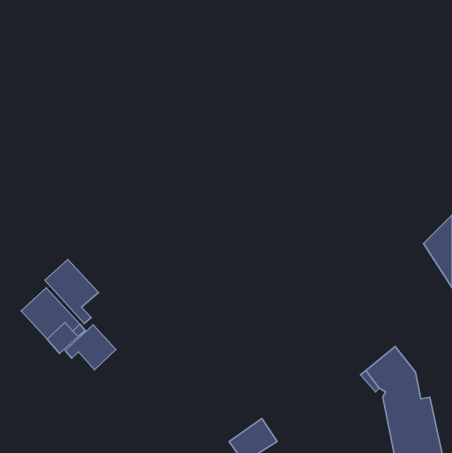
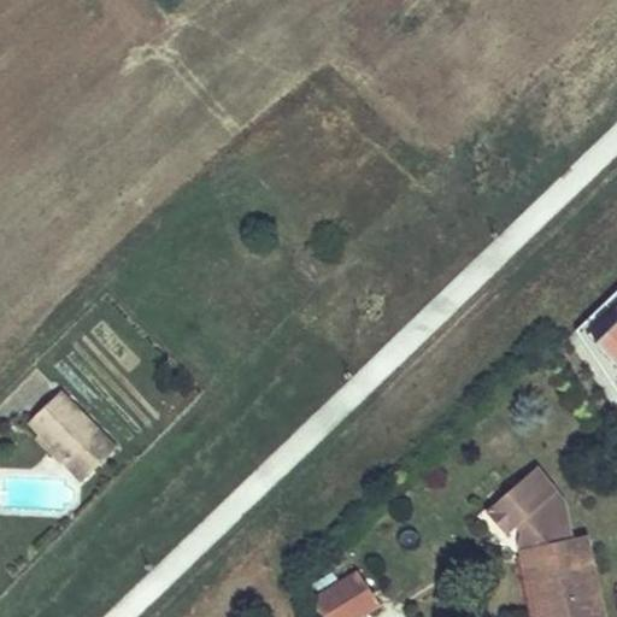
building: [45,259,98,323] -> none
building: [65,325,116,370] -> none

